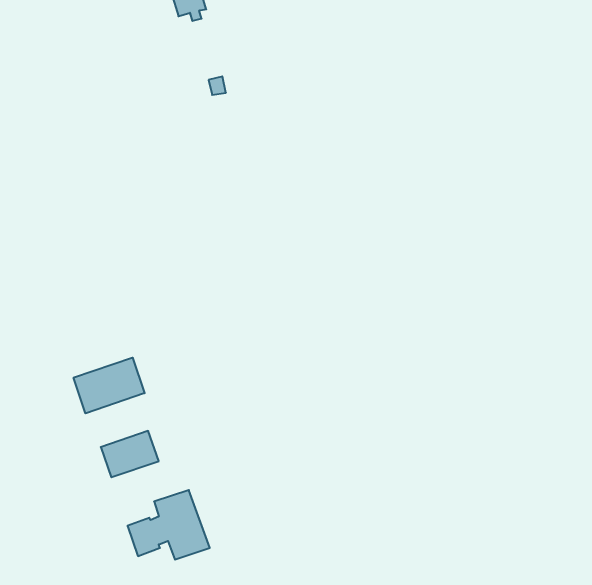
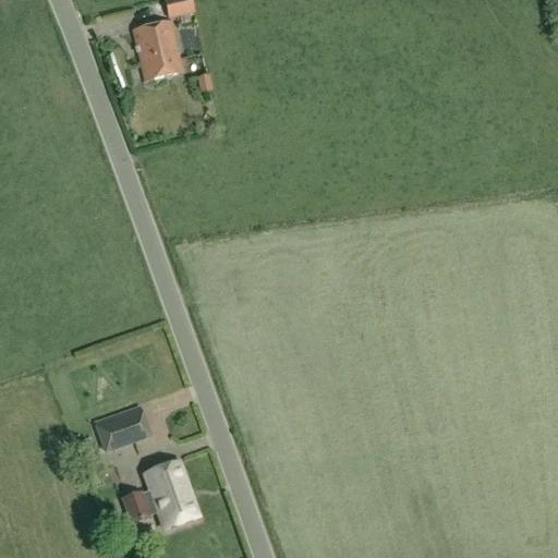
building: none -> [133,19,183,78]
building: [74,358,145,413] -> none

